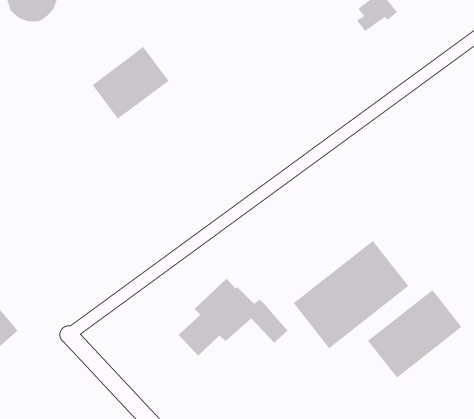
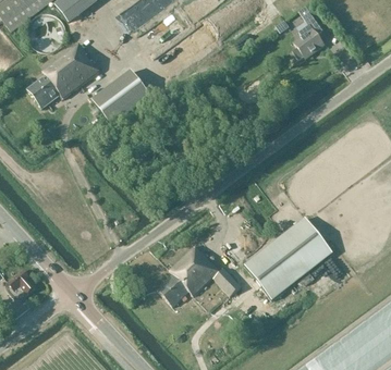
building: none -> [27,42,100,108]
building: [367,289,462,378] -> none

